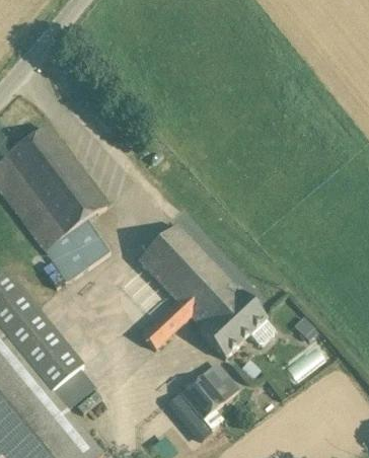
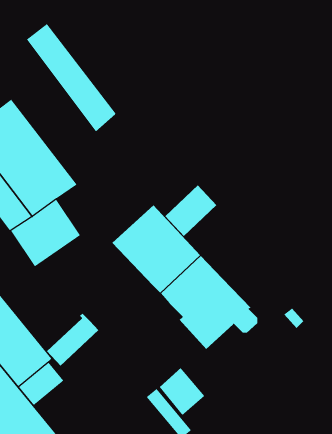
building: none -> [26,23,116,132]
building: none -> [164,185,217,237]
building: [142,298,191,348] -> [46,313,99,367]
building: [202,363,236,399] -> none

